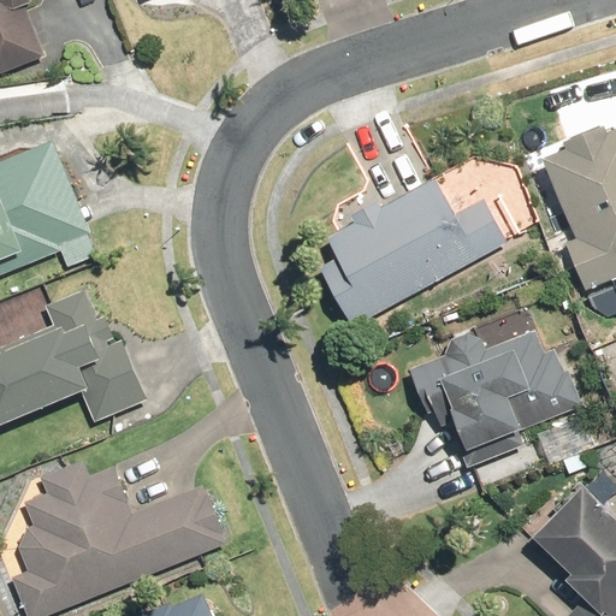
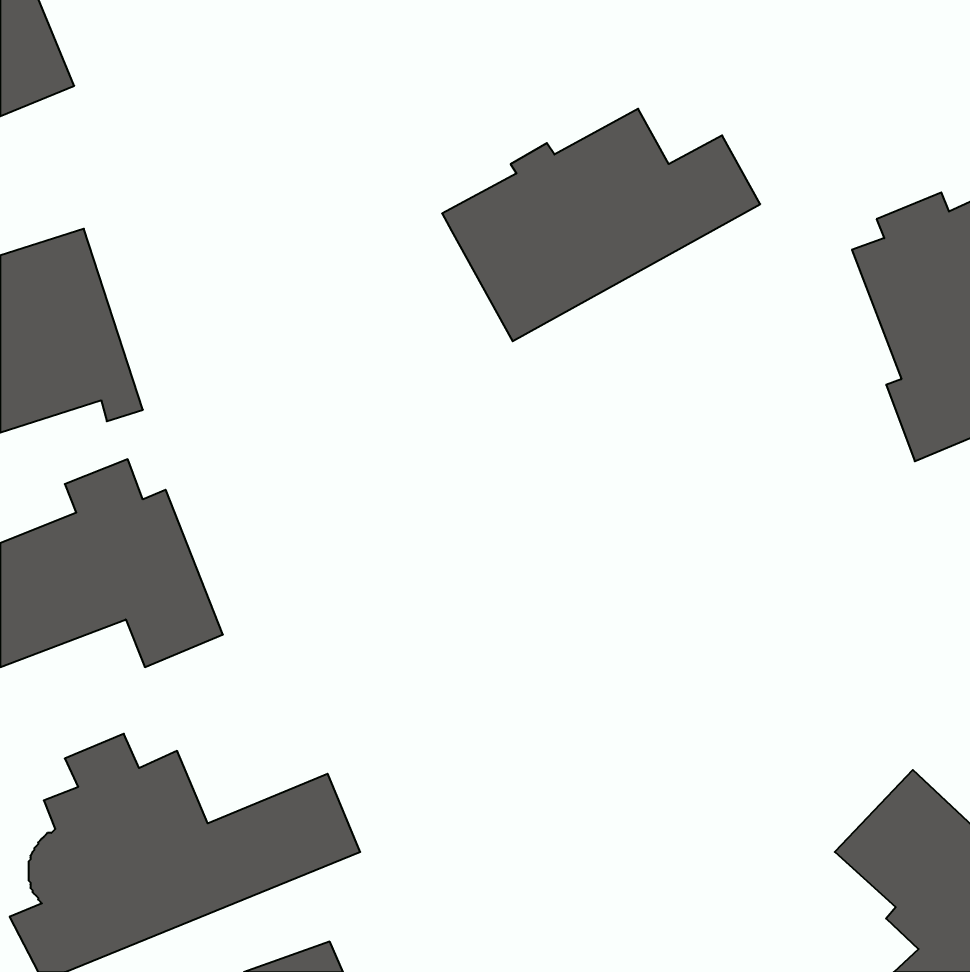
building: [307,180,508,327] -> [442,109,760,341]
building: [409,322,594,470] -> none

